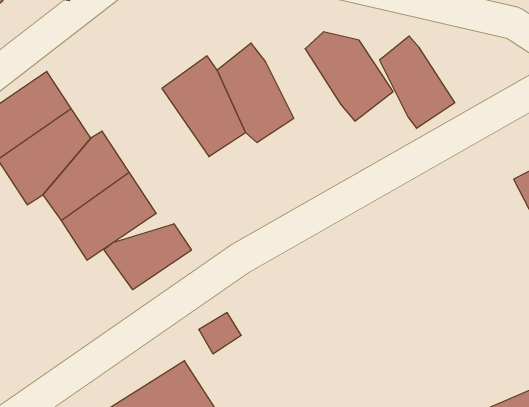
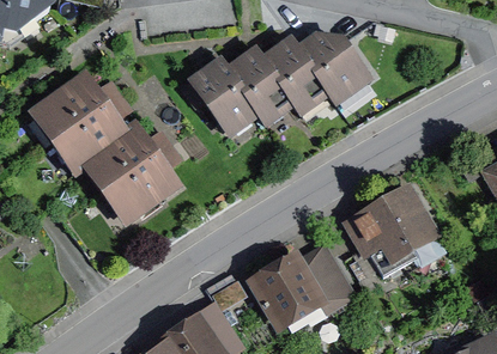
building: [380,36,455,128] -> [272,39,335,117]
building: none -> [348,185,441,261]
building: [104,224,191,290] -> none
building: none -> [250,243,352,332]

